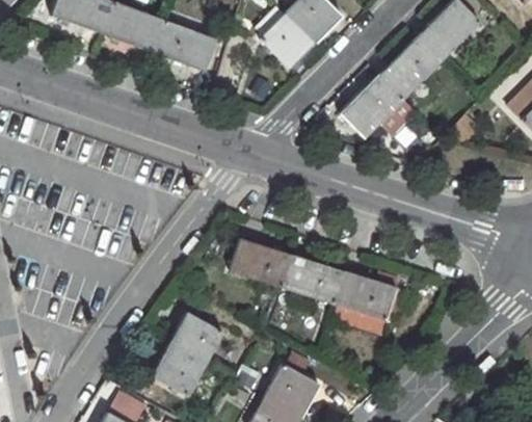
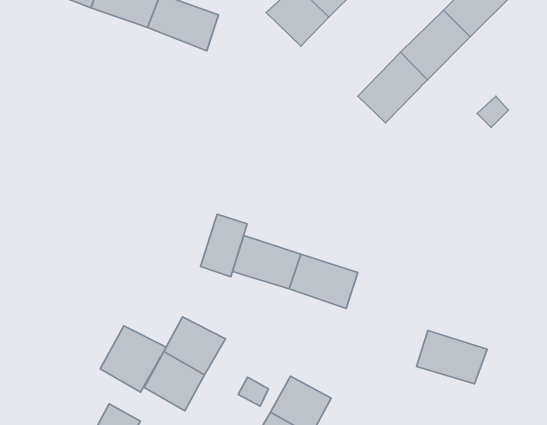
building: none -> [200,214,247,277]
building: [331,271,395,319] -> [416,330,487,384]
building: none -> [100,326,166,392]

